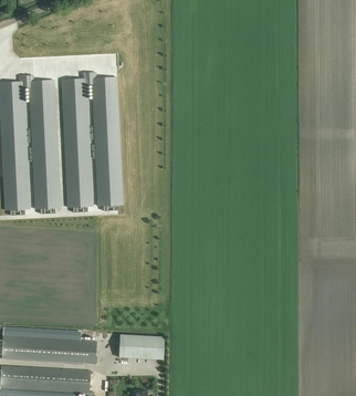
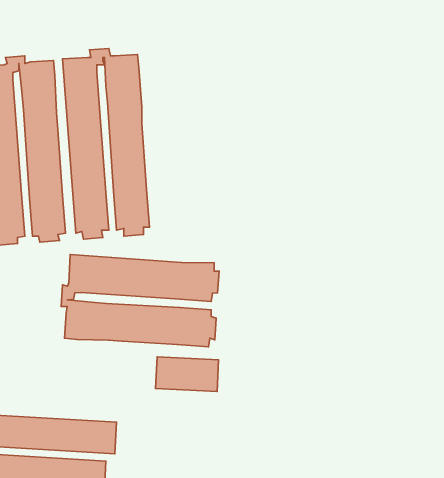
building: none -> [61,254,219,347]
building: [118,335,165,361] -> [156,357,219,391]

